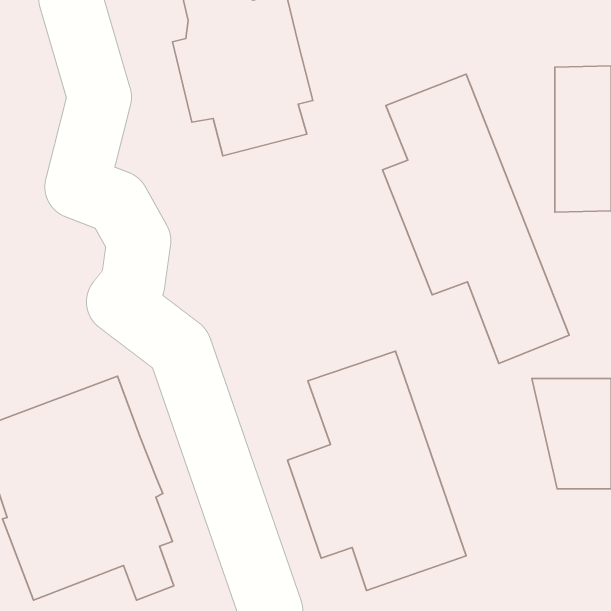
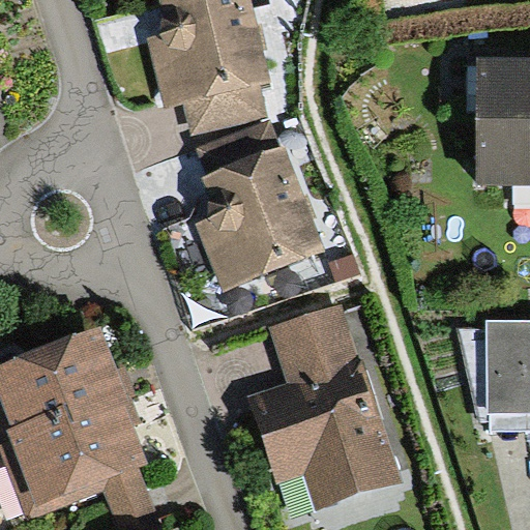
building: [383,74,569,363] -> none
building: none -> [196,119,326,292]

